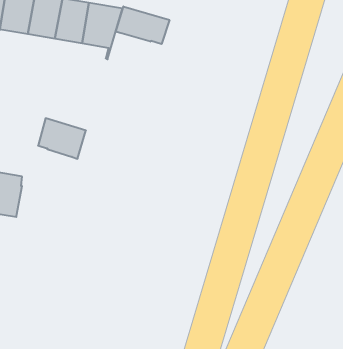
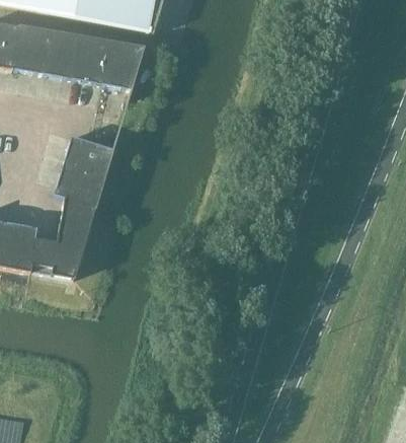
building: [116,6,169,44] -> none
building: none -> [63,135,118,176]
building: none -> [31,197,91,277]

